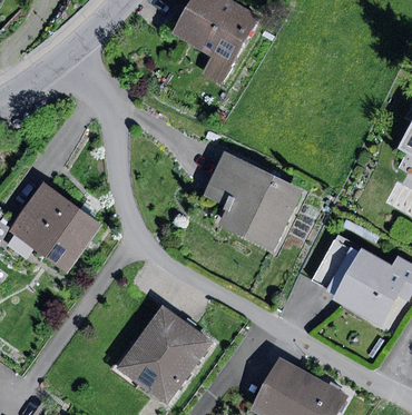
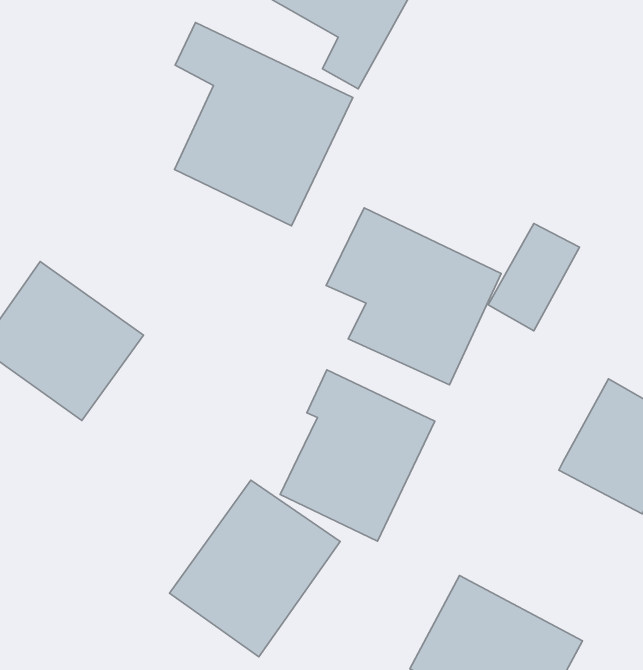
building: none -> [174,22,353,226]
building: [311,235,362,295] -> [488,223,580,331]
building: none -> [280,370,435,541]

